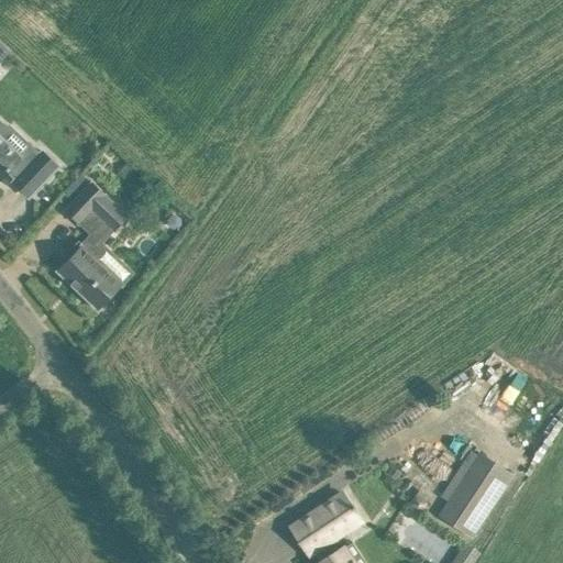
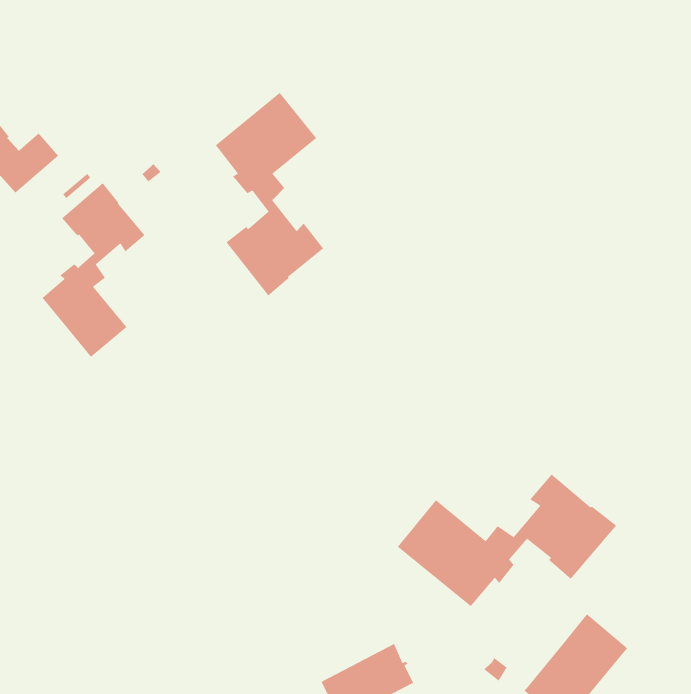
building: none -> [215,92,324,296]
building: none -> [397,474,617,607]

